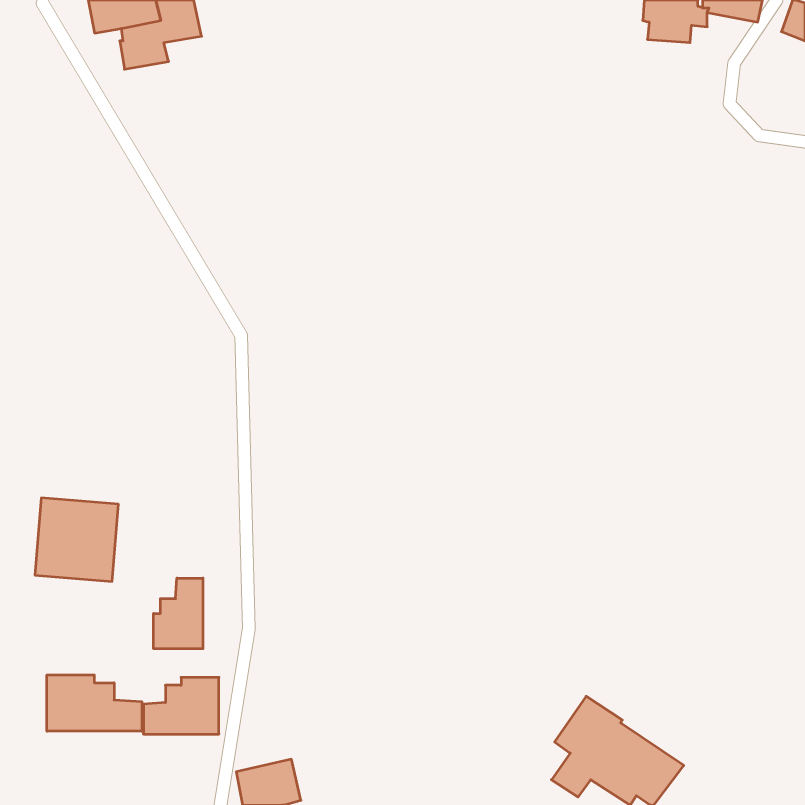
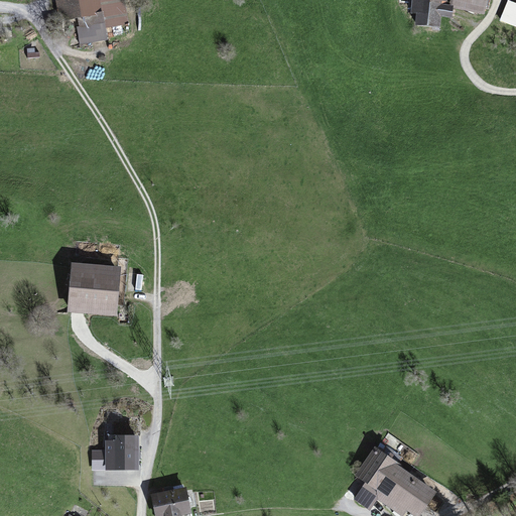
building: [35,498,118,581] -> [68,261,121,314]
building: [154,578,203,649] -> none
building: [47,675,142,731] -> none

